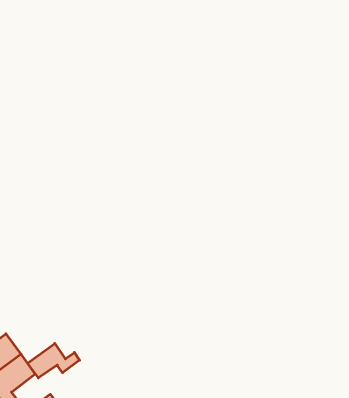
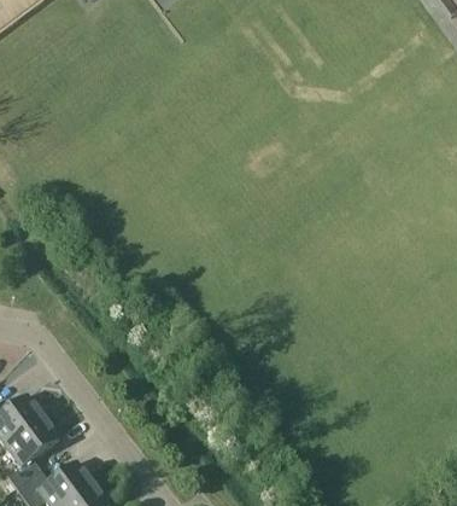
building: [28,343,80,378] -> none

